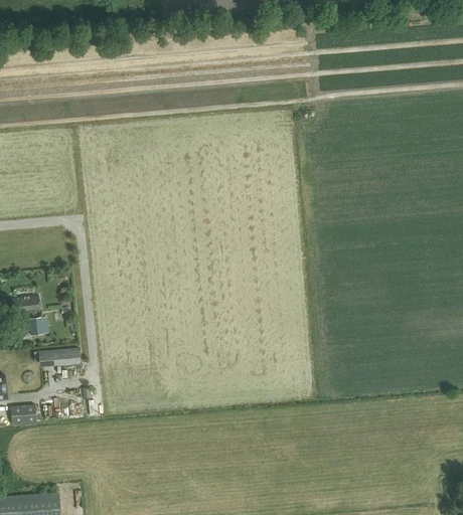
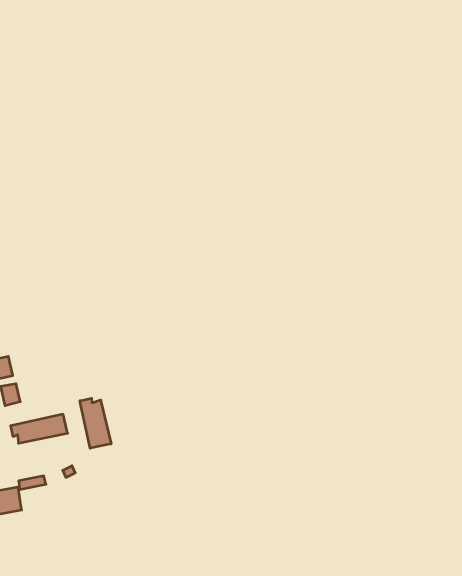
building: none -> [80,398,111,448]

